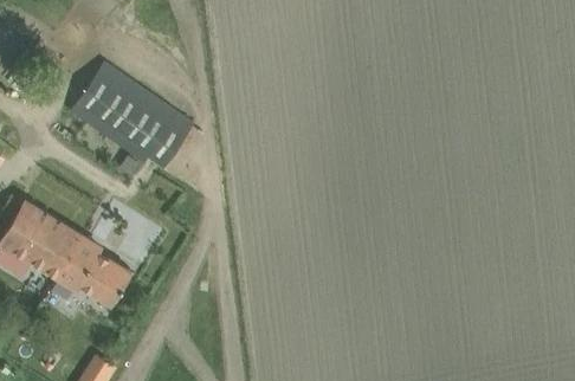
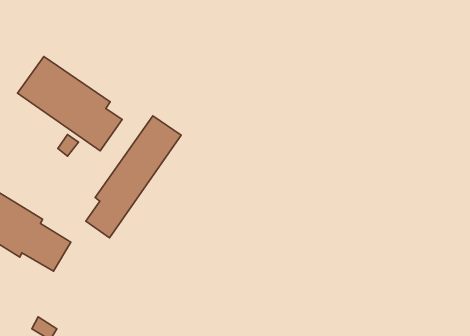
building: none -> [86,116,181,238]

